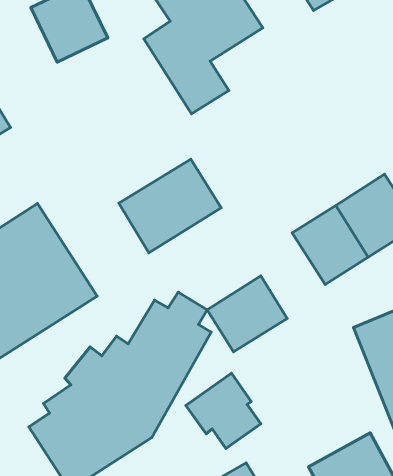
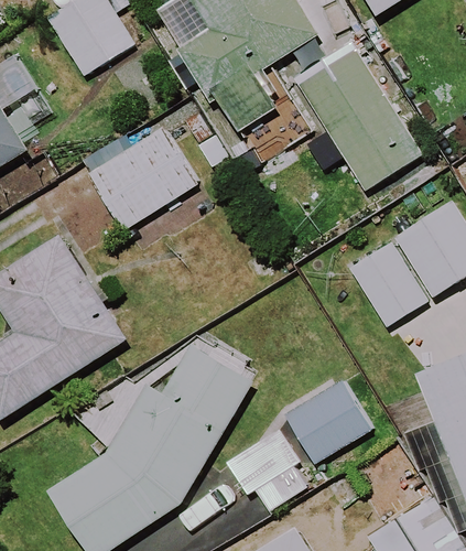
building: none -> [296,45,421,190]
building: [119,159,221,253] -> [86,126,202,231]
building: [207,276,287,352] -> [285,376,376,462]

